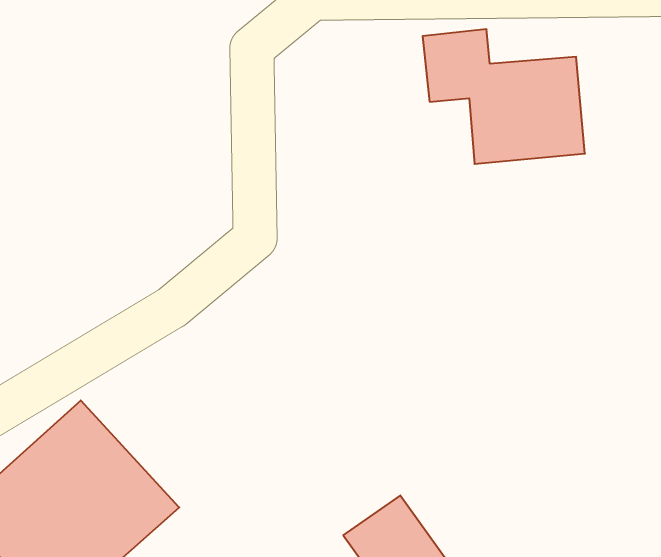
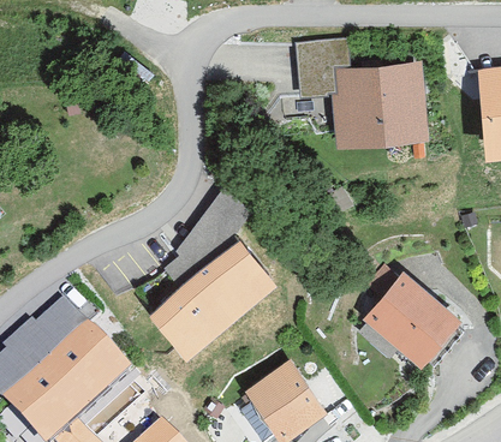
building: none -> [160,240,270,342]
building: none -> [370,279,455,360]

